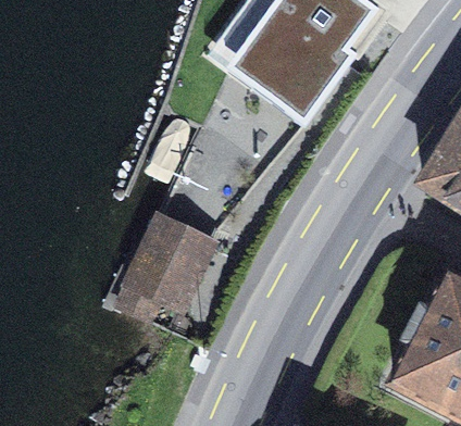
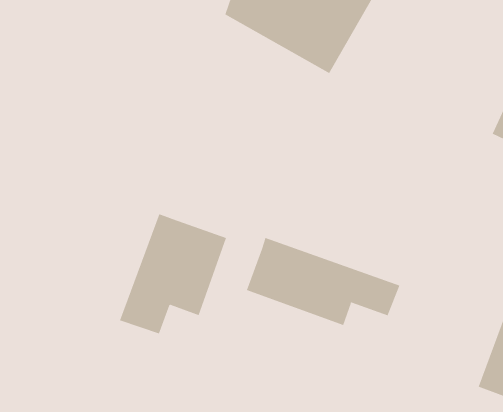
building: none -> [246,237,400,326]

